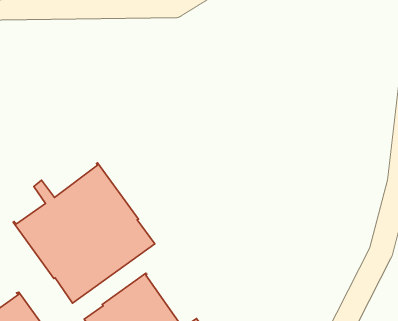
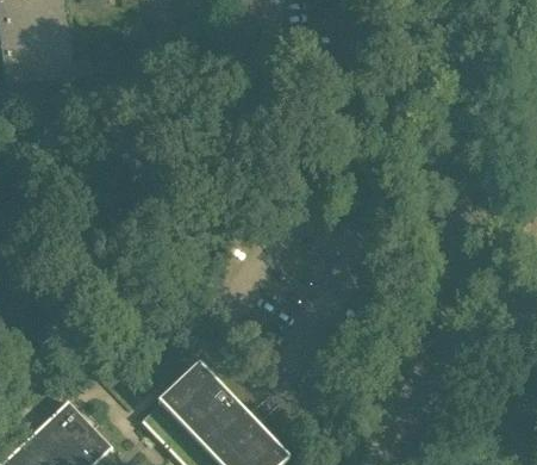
building: [13,163,155,303] -> none

